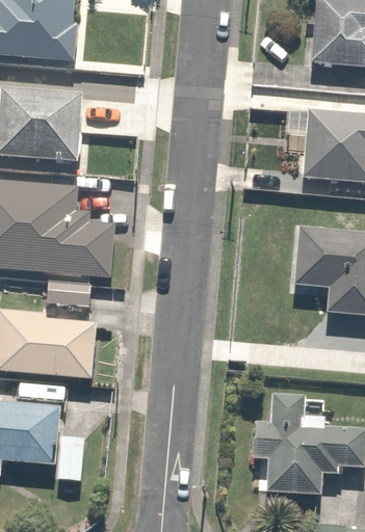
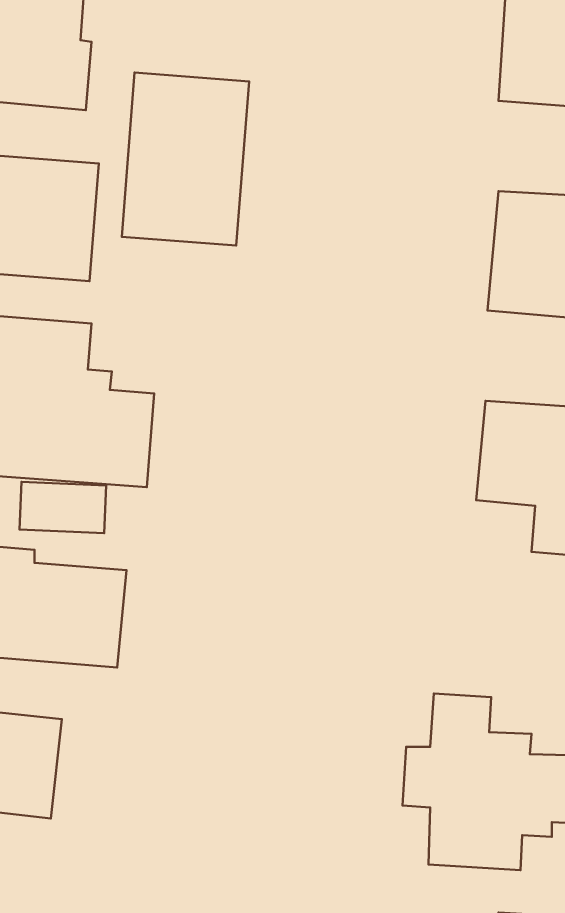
building: none -> [122,73,249,246]

